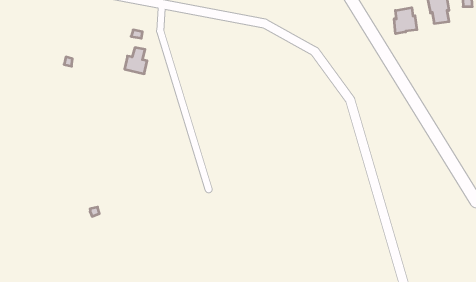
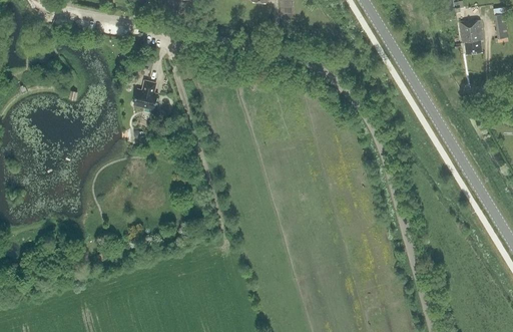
building: [394,8,417,34] -> none

